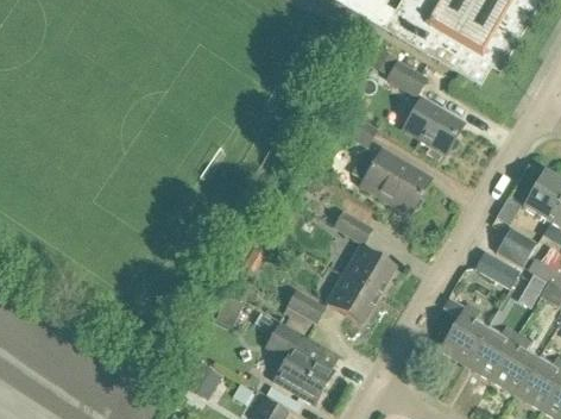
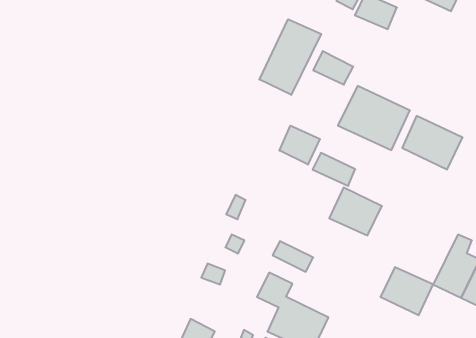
building: none -> [259,19,321,95]
building: [404,98,464,152] -> [402,116,463,170]
building: none -> [279,126,320,165]
building: [327,274,379,323] -> [380,267,433,315]

